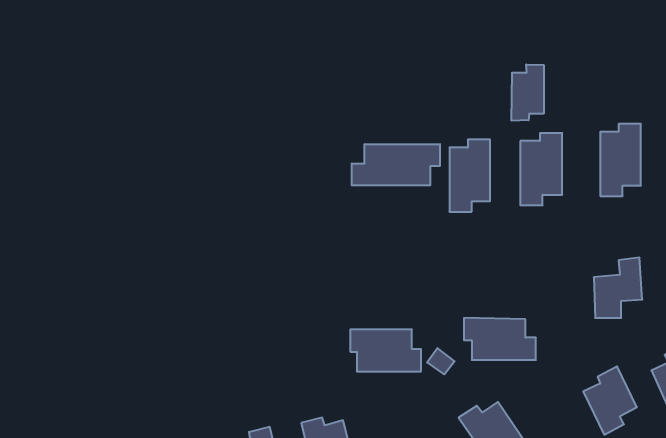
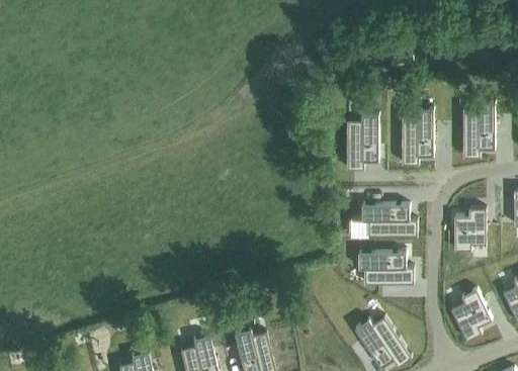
building: [512,64,544,121] -> none
building: [352,144,440,185] -> none
building: [350,329,421,371] -> [362,203,417,236]

